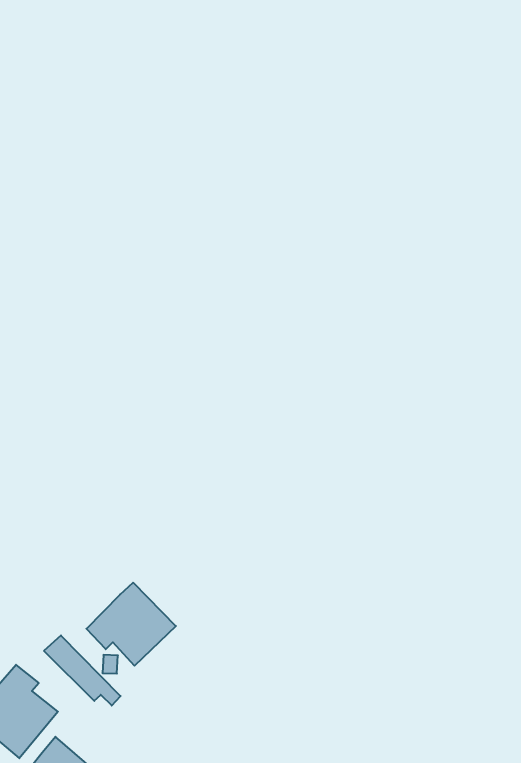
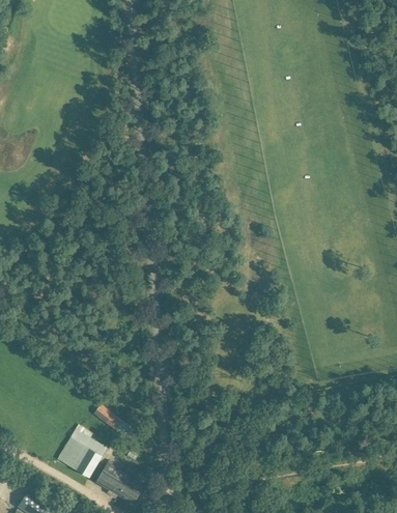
building: [86,583,176,666] -> none

